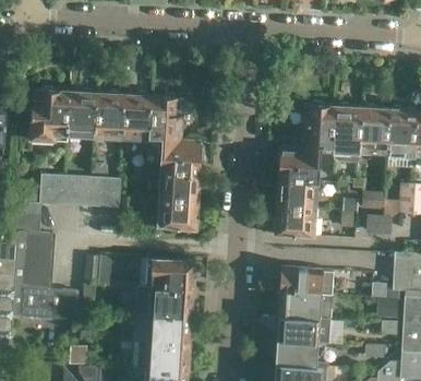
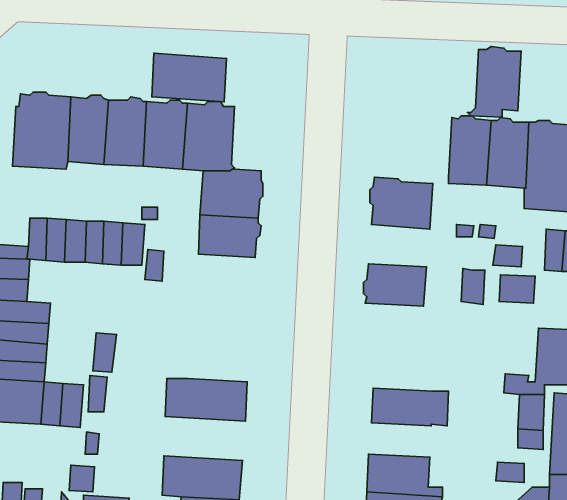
building: none -> [152,53,226,102]
building: [297,102,334,151] -> [468,46,521,117]
building: [275,179,318,209] -> none
building: [156,200,200,229] -> none
building: [136,257,194,288] -> none
building: [279,267,333,295] -> none
building: [133,312,191,343] -> none
building: [276,317,320,341] -> none

